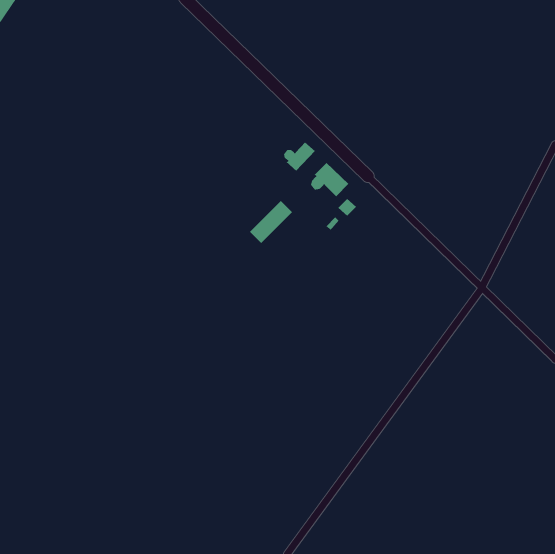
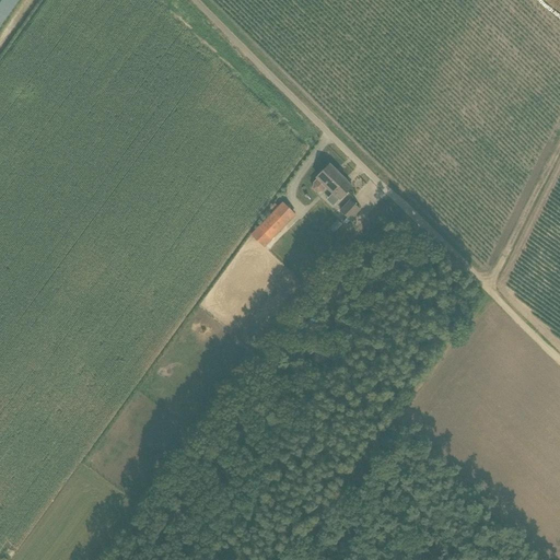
building: [283,141,316,171] -> none

